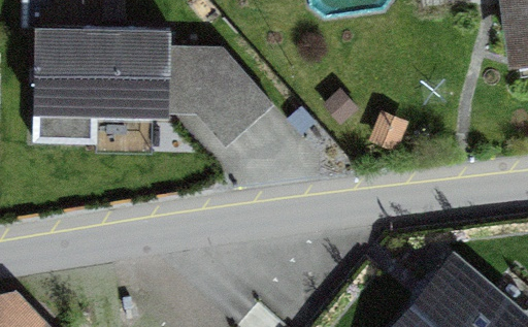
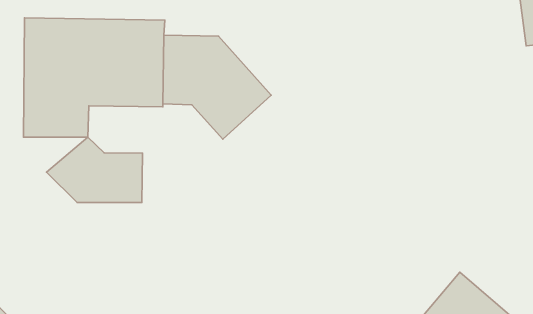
building: none -> [46,137,142,202]

